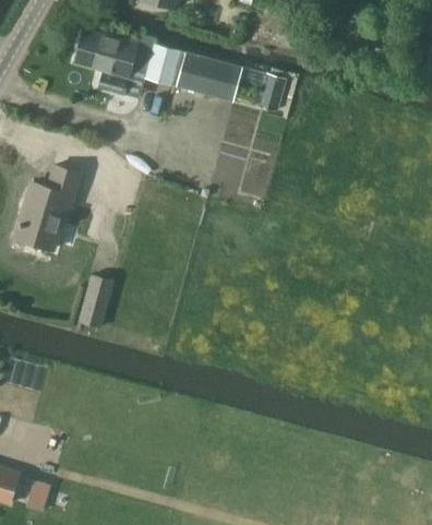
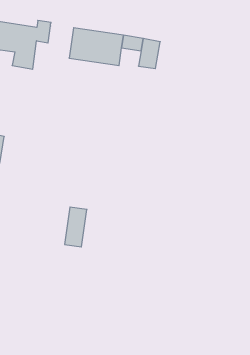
building: [143,41,181,86] -> none
building: [79,276,111,327] -> [65,207,87,247]

